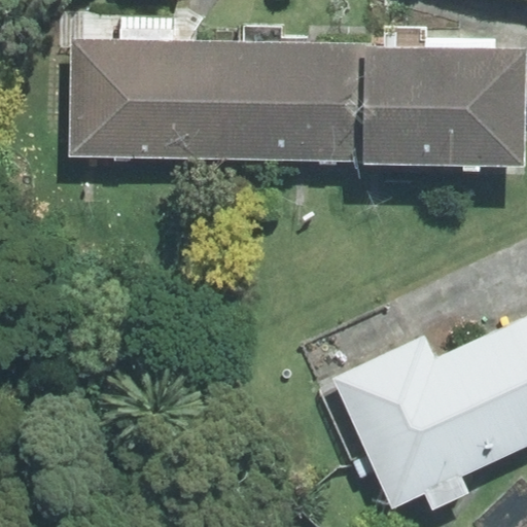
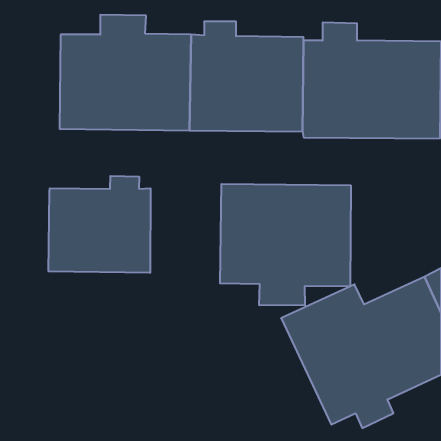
building: none -> [49,176,150,273]
building: none -> [220,184,351,305]

